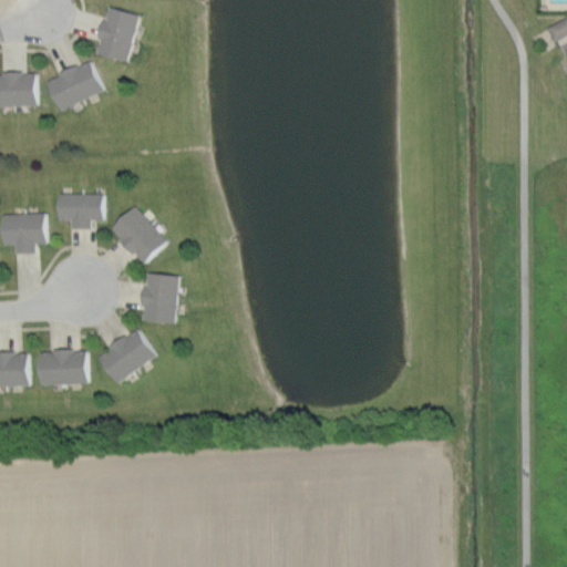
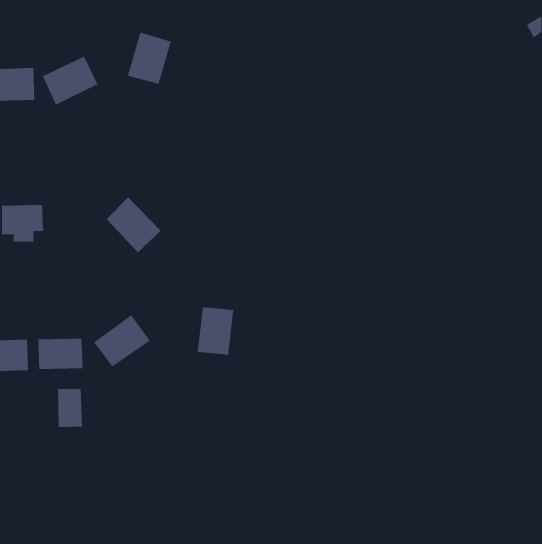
building: [93,7,140,62] -> [127,31,172,85]
building: [58,194,103,229] -> none
building: [141,274,179,324] -> [197,306,234,356]
building: none -> [57,388,83,428]

